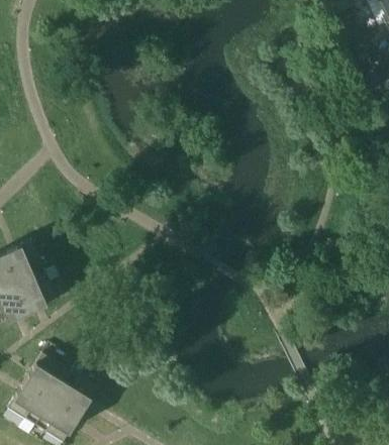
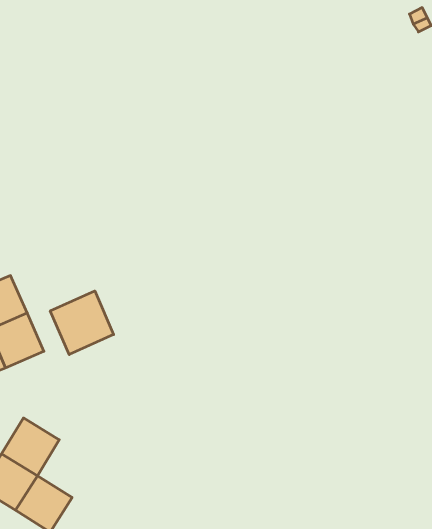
building: none -> [50,291,114,355]
building: [54,371,98,417] -> none

